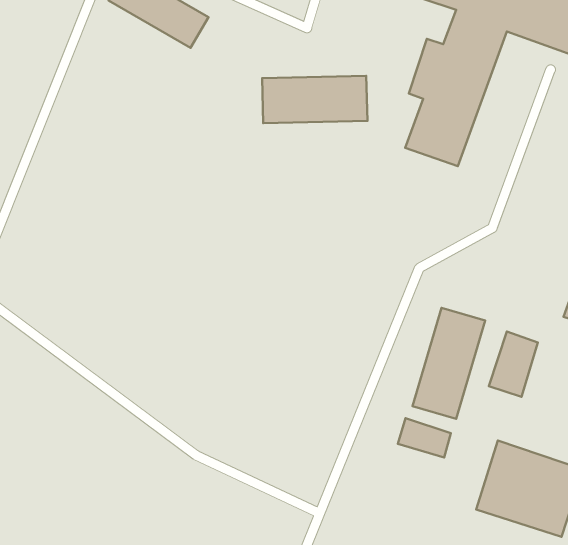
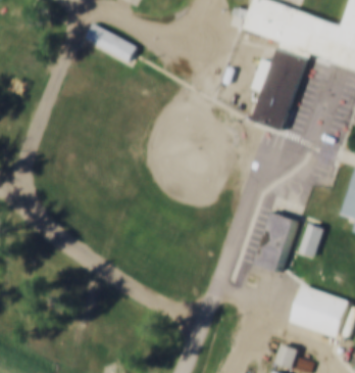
building: [262,76,367,123] -> none
building: [398,418,451,458] -> none

